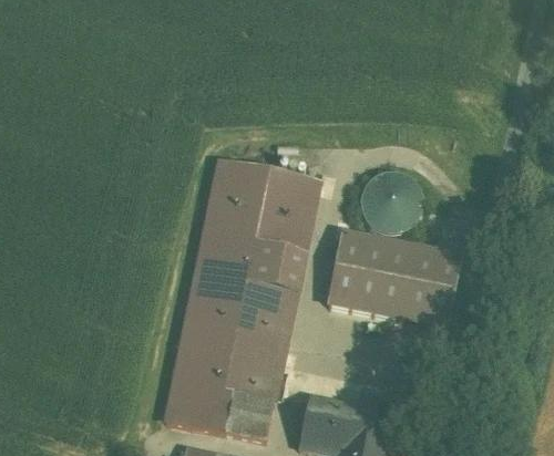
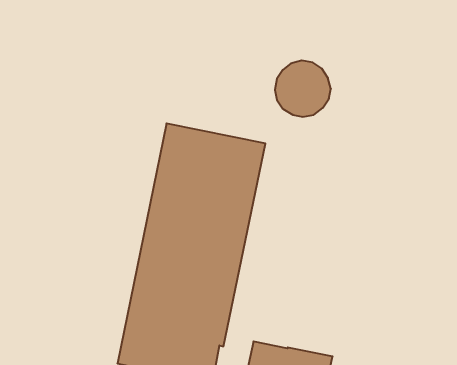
building: [362,172,424,234] -> [275,61,331,117]
building: [330,232,462,328] -> none

